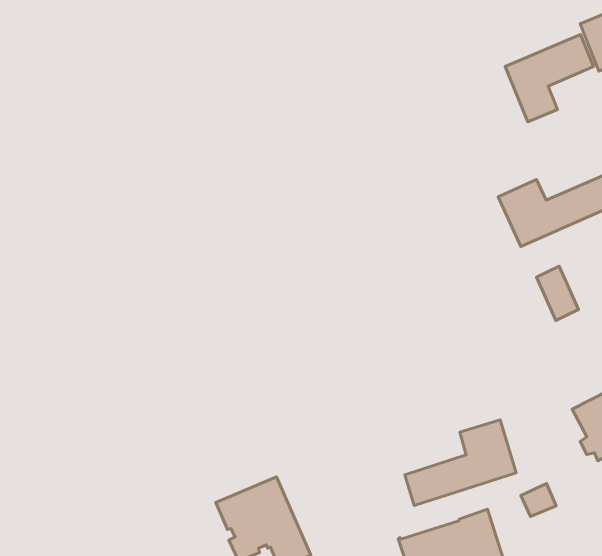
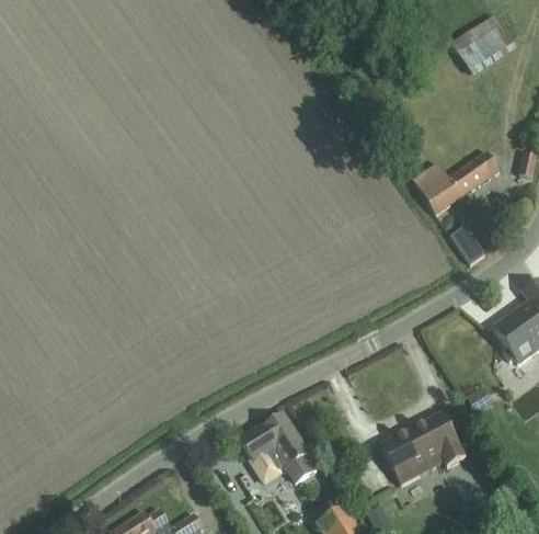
building: [505,35,594,122] -> none
building: [405,420,516,505] -> none

